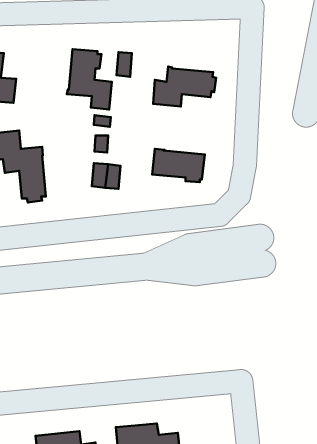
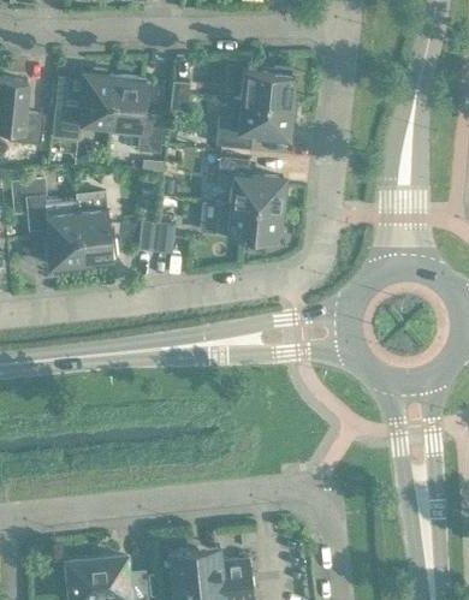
building: none -> [239,70,293,107]
building: none -> [59,71,114,141]
building: none -> [216,158,287,210]
building: none -> [76,209,117,263]

